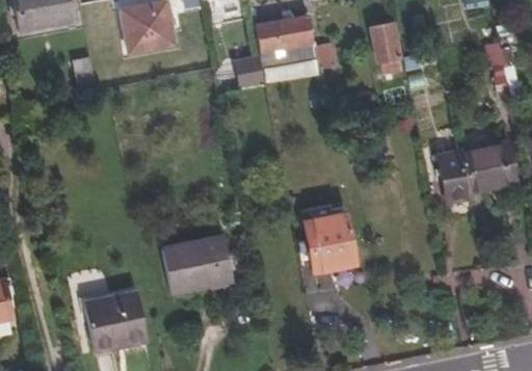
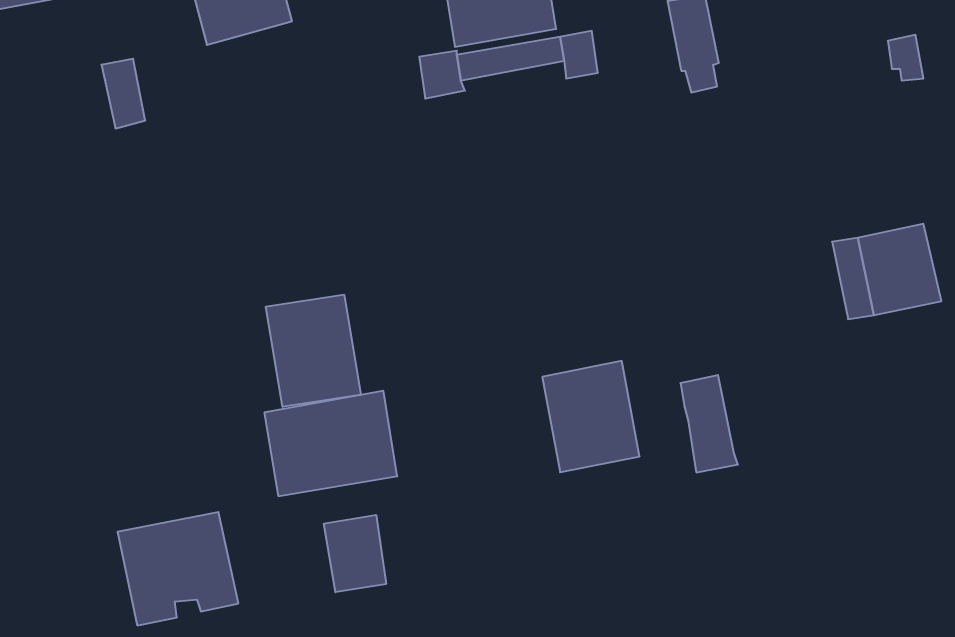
building: [438,153,469,204] -> [680,375,738,472]
building: none -> [266,295,361,407]
building: none -> [324,515,386,592]

